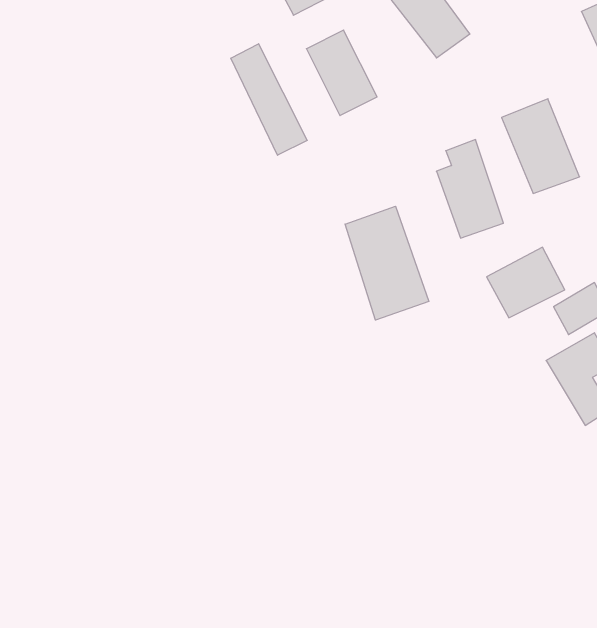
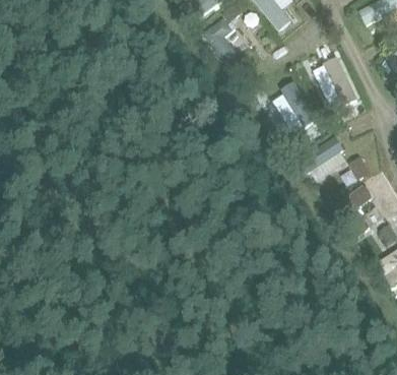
building: [231,44,307,155] -> none
building: [345,206,429,320] -> none

